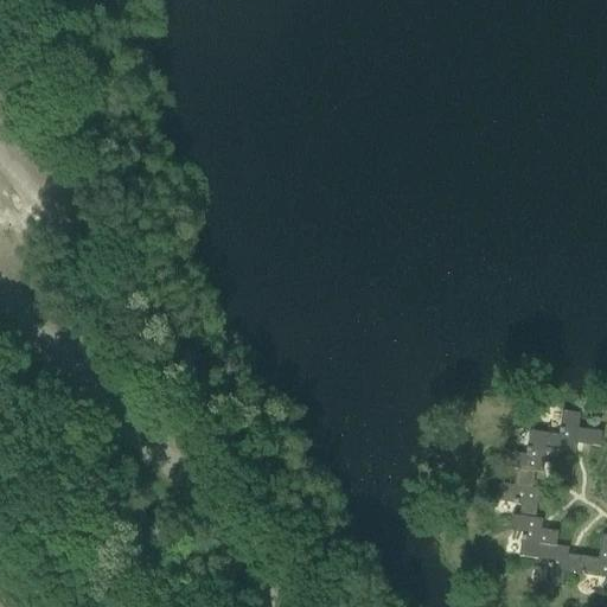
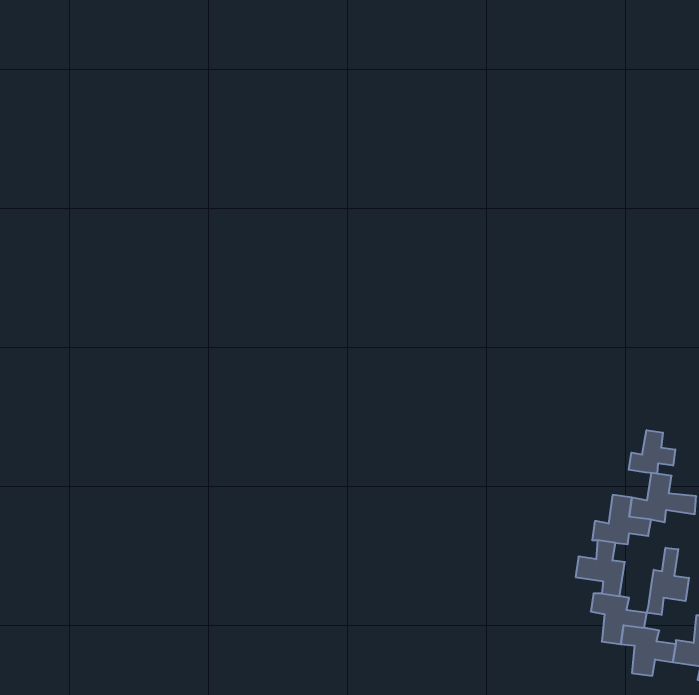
building: none -> [629,430,675,474]
building: none -> [647,548,689,615]

